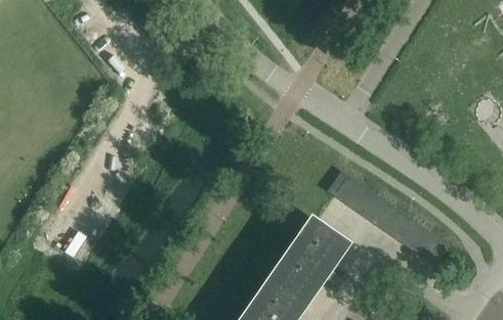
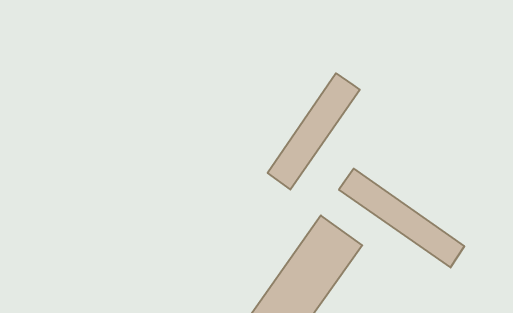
building: none -> [268,73,360,190]

